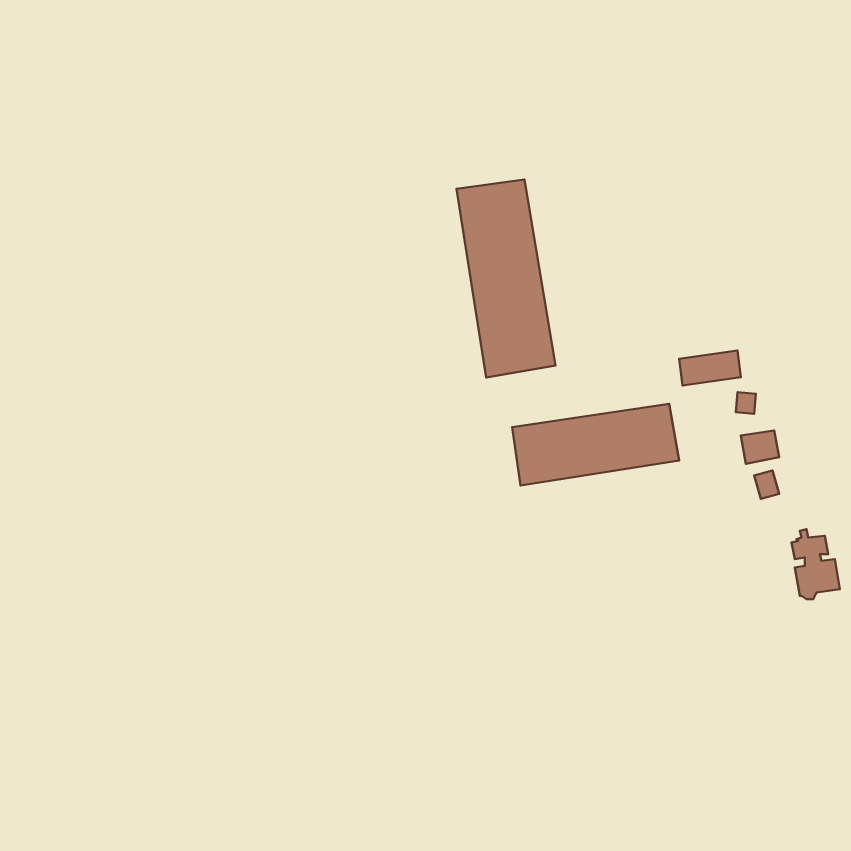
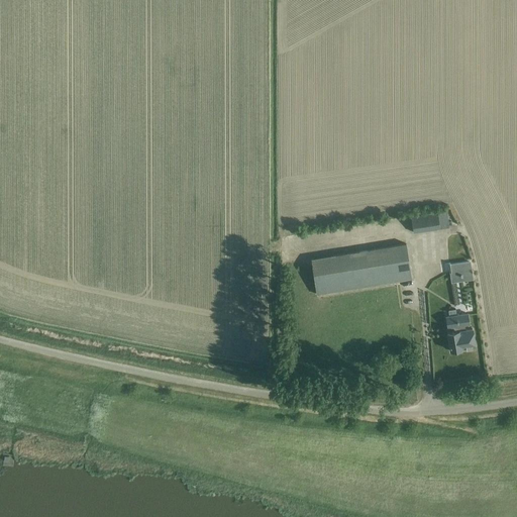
building: [456,179,555,377] -> none
building: [791,529,840,599] -> [446,311,476,353]

